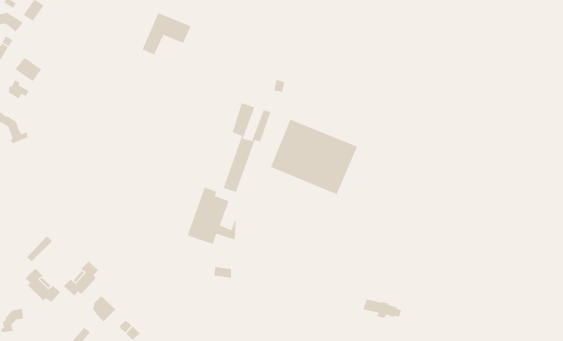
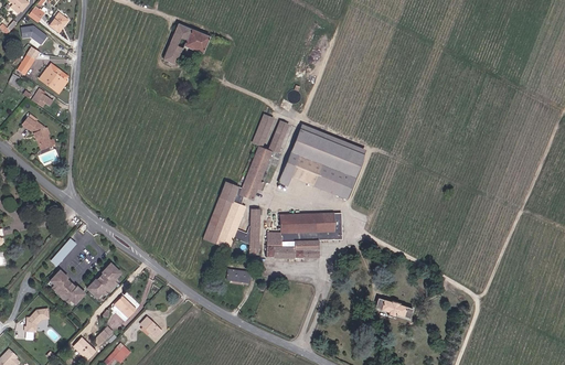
building: none -> [268,212,344,256]

